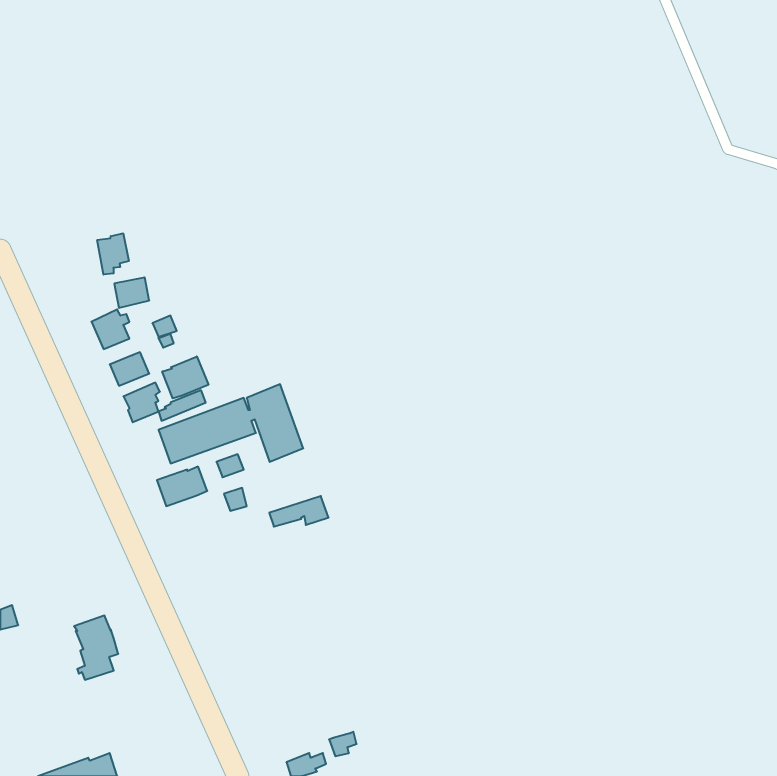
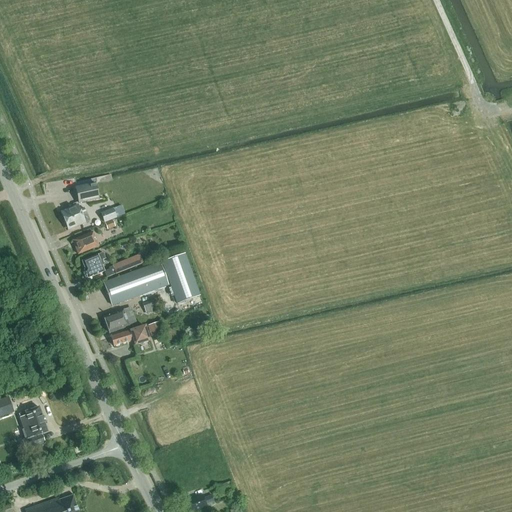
building: [97,233,129,275] -> none
building: [162,356,208,398] -> none
building: [269,496,329,527] -> [111,325,150,345]
building: [74,616,118,680] -> [19,406,48,448]

